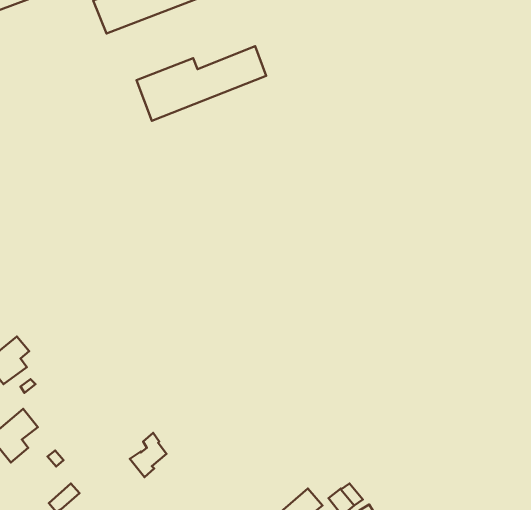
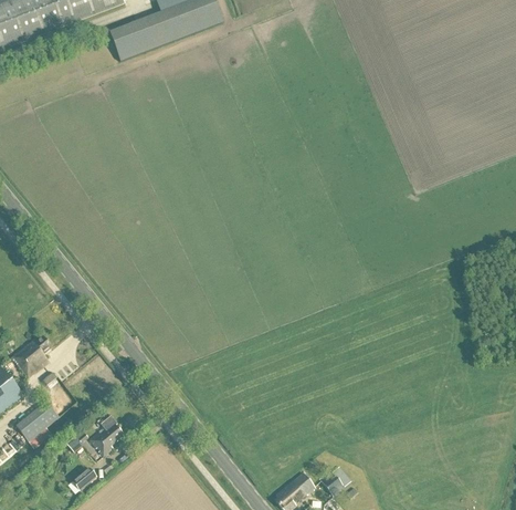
building: [137,46,266,121] -> none
building: [130,433,167,477] -> [89,415,123,455]

